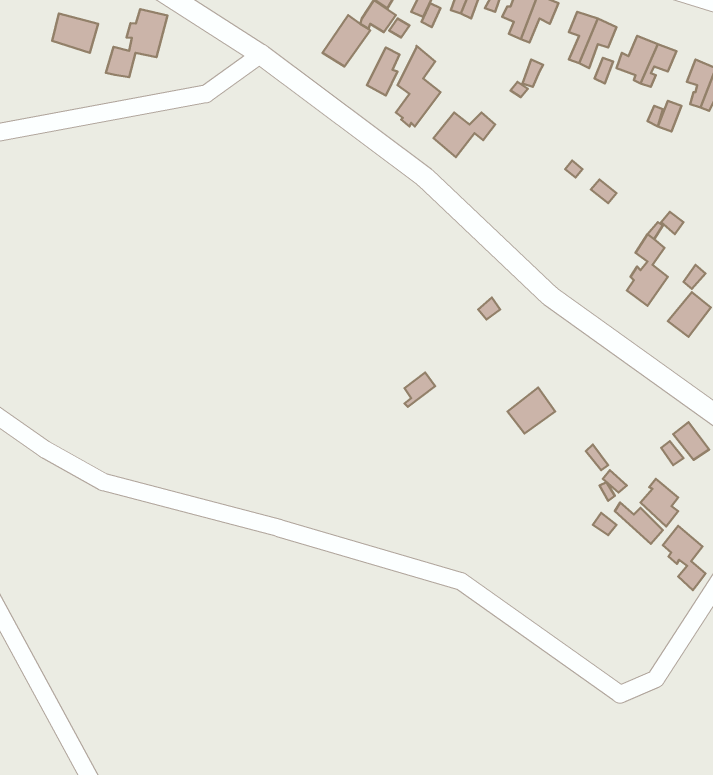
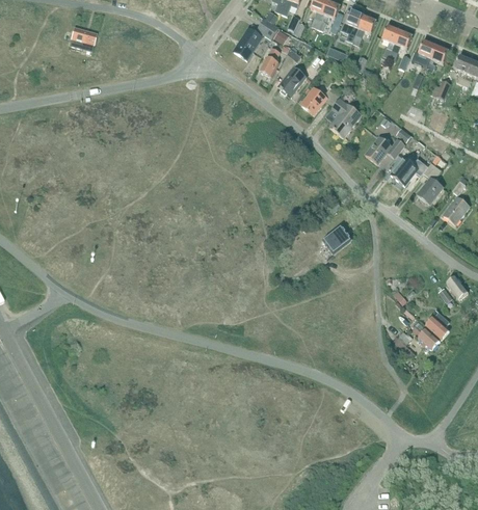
building: [106,9,167,77] -> none
building: none -> [328,97,361,136]
building: none -> [364,134,404,163]
building: none -> [390,156,427,183]
building: [507,387,555,434] -> [322,223,351,251]
building: [663,526,705,590] -> none

